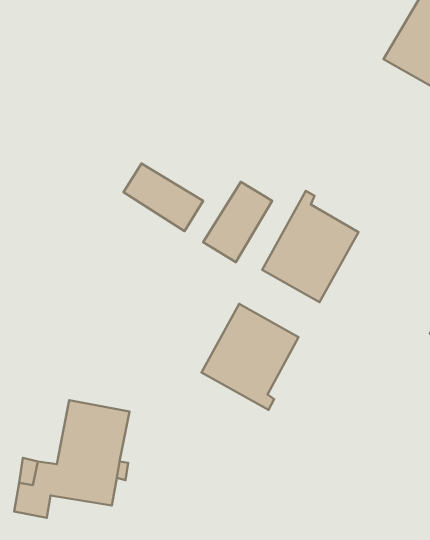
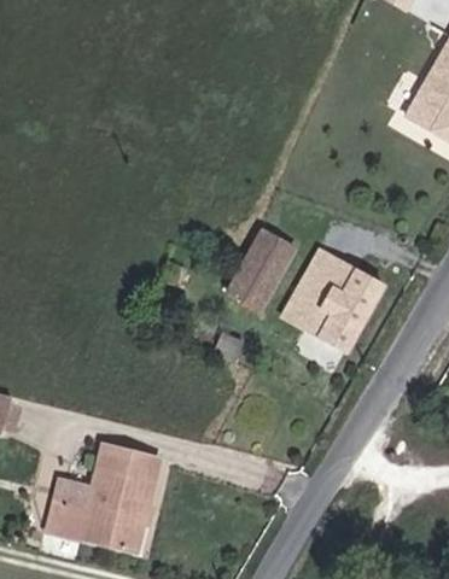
building: [123,163,203,231] -> none
building: [201,304,298,410] -> none

